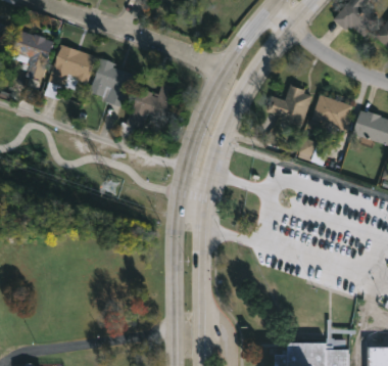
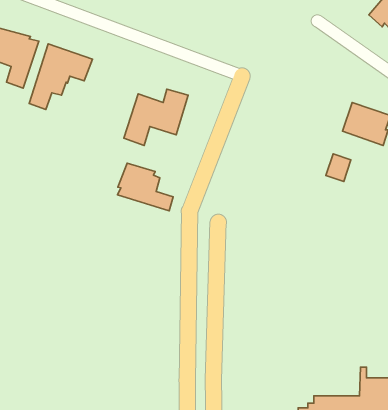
building: [89,58,135,108] -> none
building: [266,85,312,127] -> none
building: none -> [118,163,173,211]

